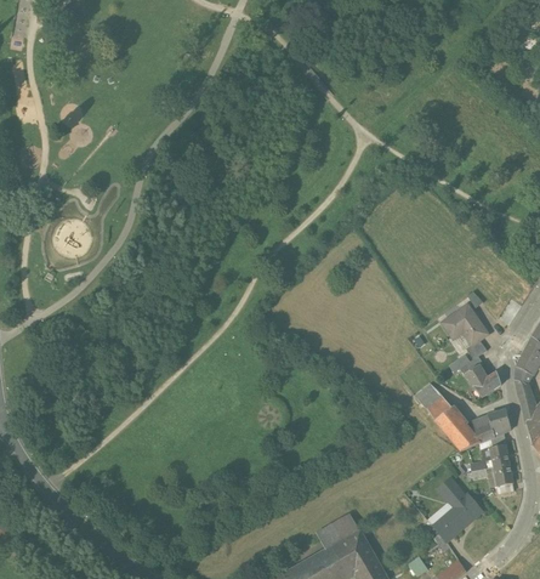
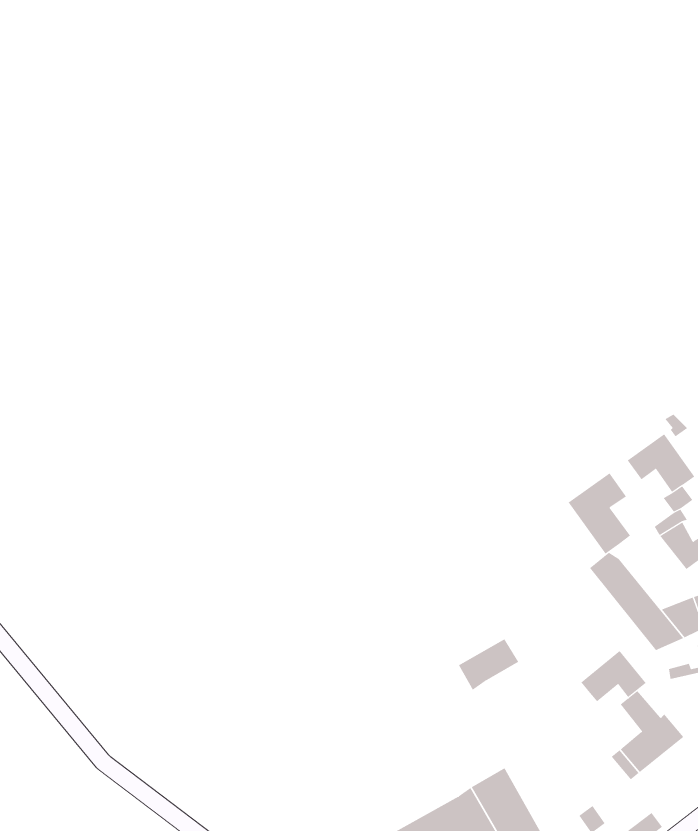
building: none -> [568,472,631,555]
building: none -> [580,650,646,702]
building: [318,515,359,550] -> [458,638,519,690]

